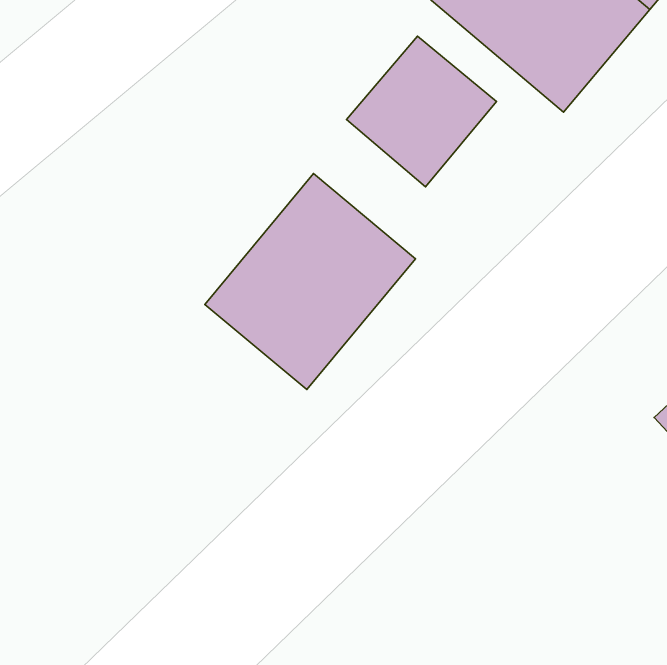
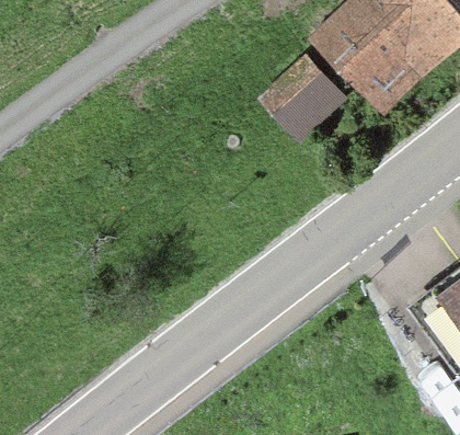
building: [205,174,416,390] -> none

